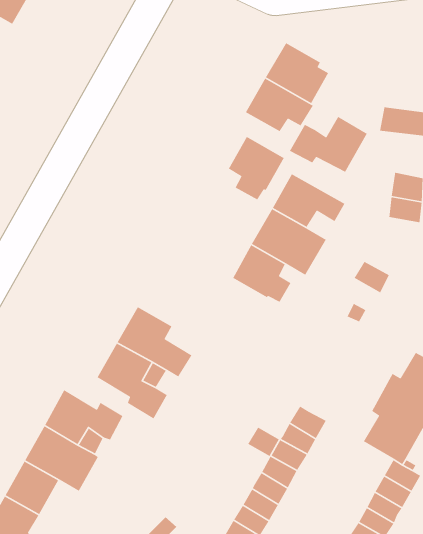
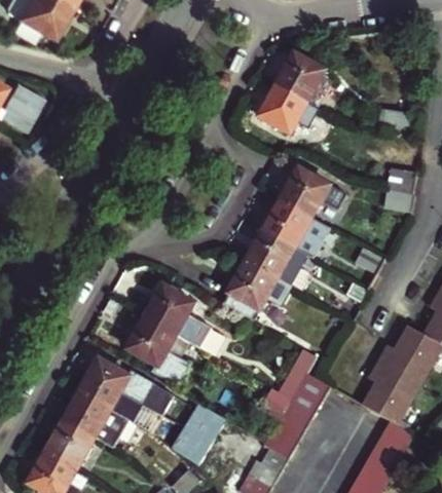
building: [289,116,368,173] -> none
building: [228,136,285,201] -> none
building: none -> [222,260,277,318]
building: none -> [172,397,228,461]

